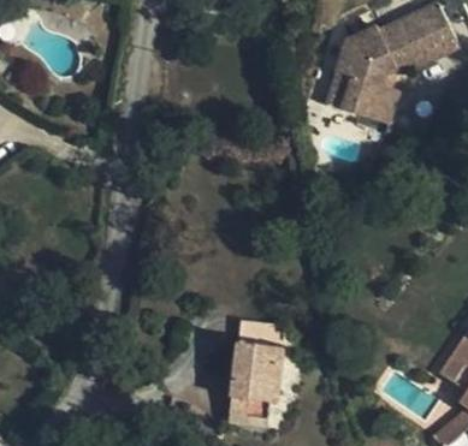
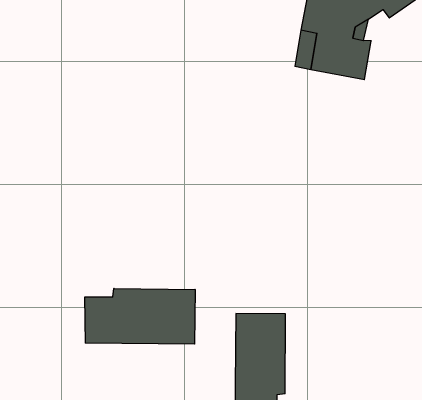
building: none -> [85,288,195,344]

